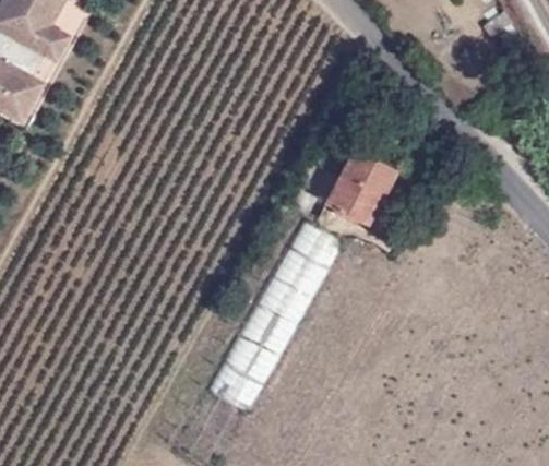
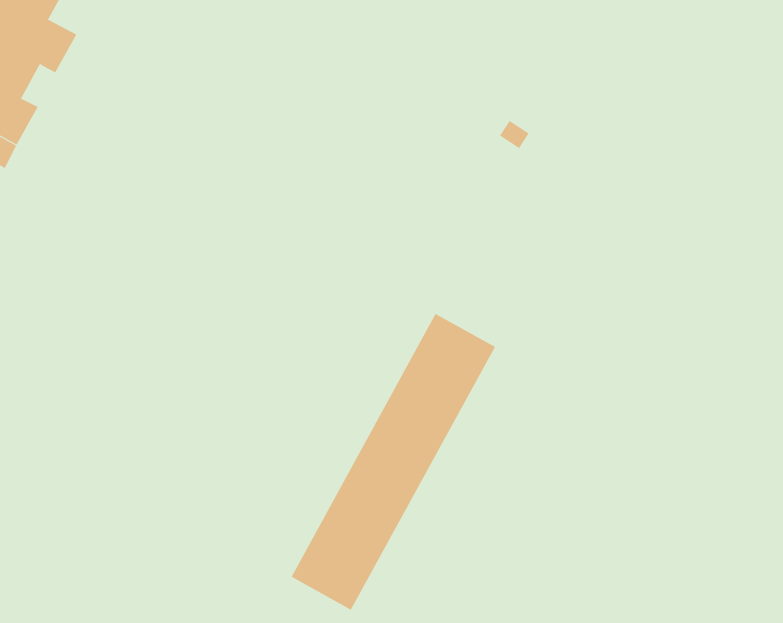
building: [326,148,396,223] -> none

